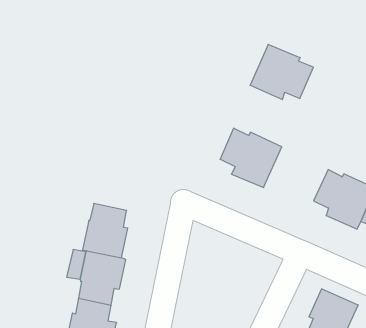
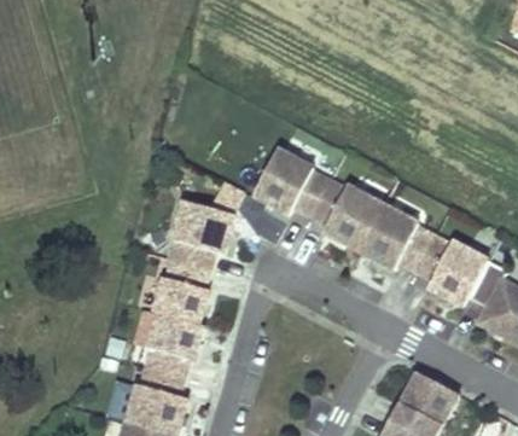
building: [250,44,313,100] -> [256,151,331,216]
building: none -> [361,207,437,272]
building: none -> [163,198,226,268]

